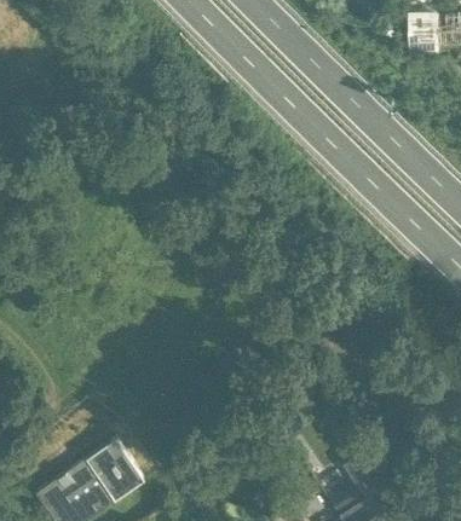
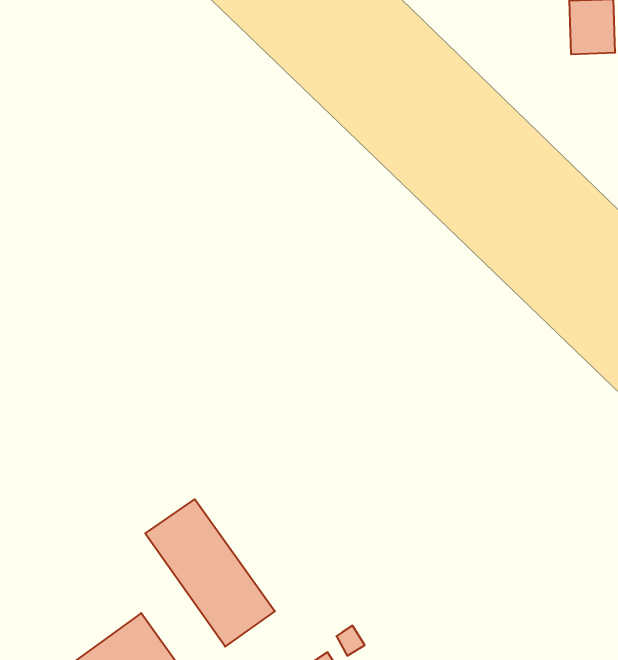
building: none -> [145,499,275,647]

